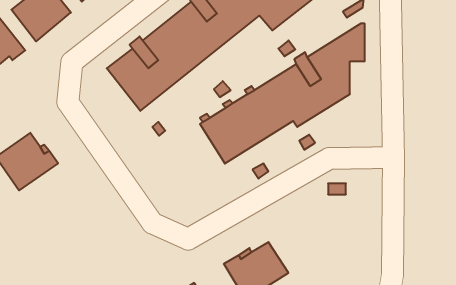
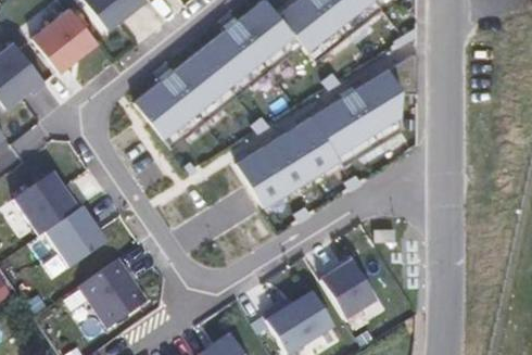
building: none -> [43,206,106,268]
building: none -> [78,258,148,328]
building: none -> [320,262,376,319]

